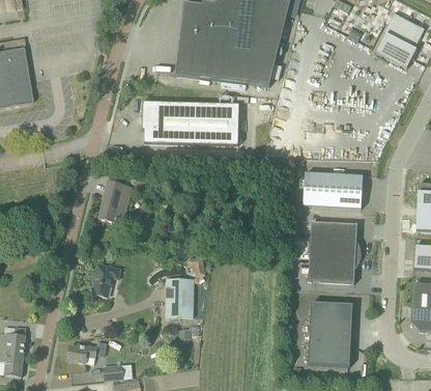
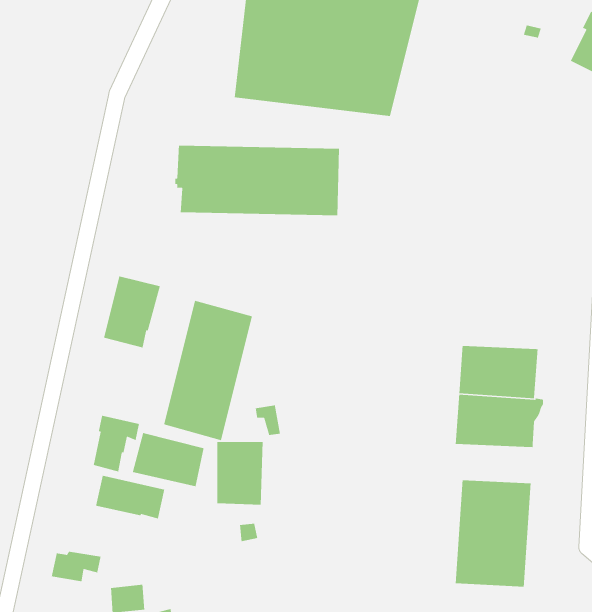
building: [304,172,363,207] -> none
building: none -> [163,300,253,441]
building: none -> [132,432,205,487]
building: none -> [95,475,165,519]

